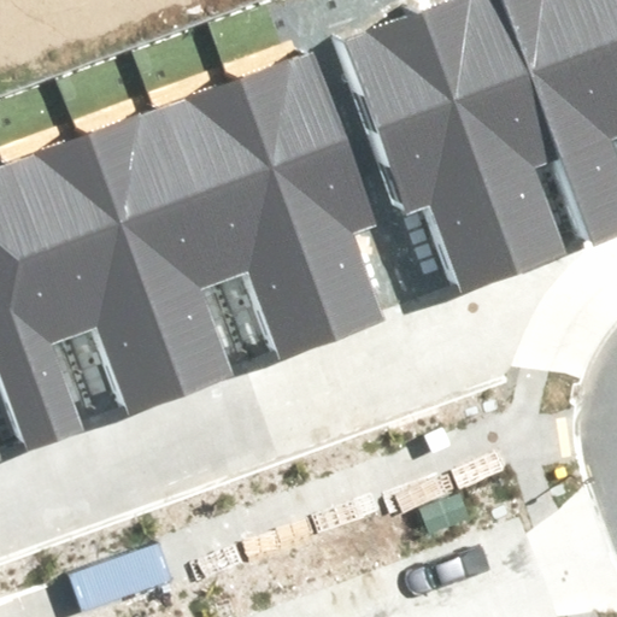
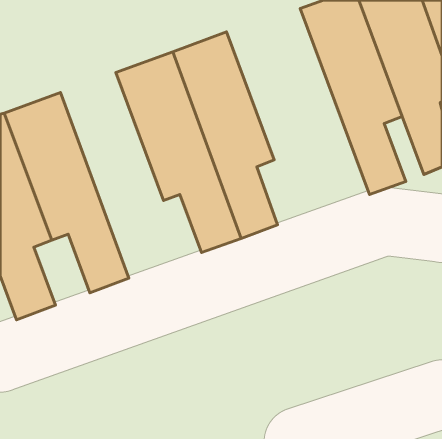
building: [340,16,515,295] -> none
building: [84,105,233,392] -> none

